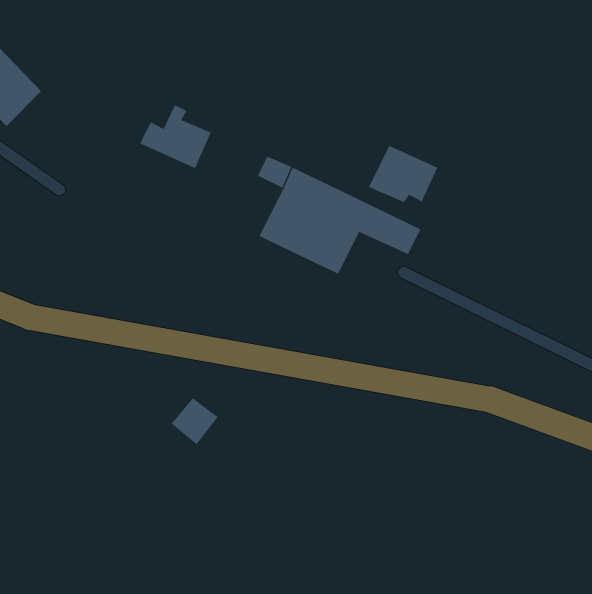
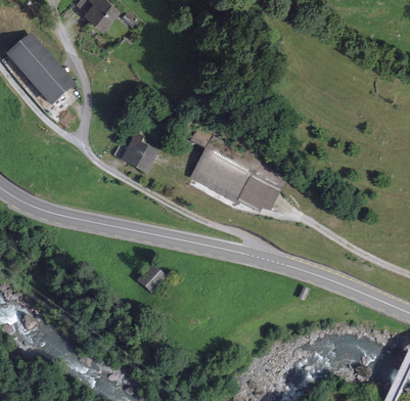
building: [139,104,211,169] -> [112,135,154,173]
building: [368,145,438,203] -> [237,177,278,211]

